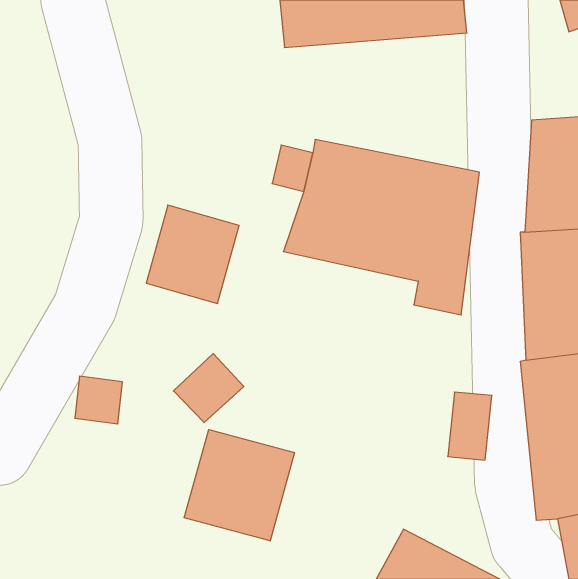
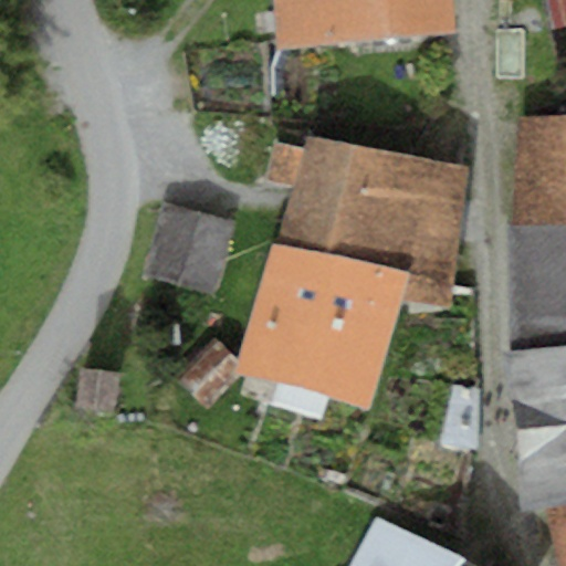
building: none -> [237,243,409,410]
building: [184,430,295,541] -> none

